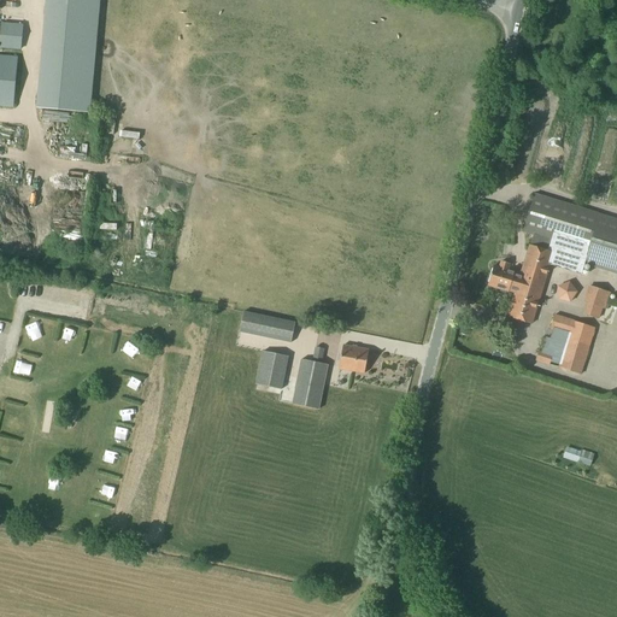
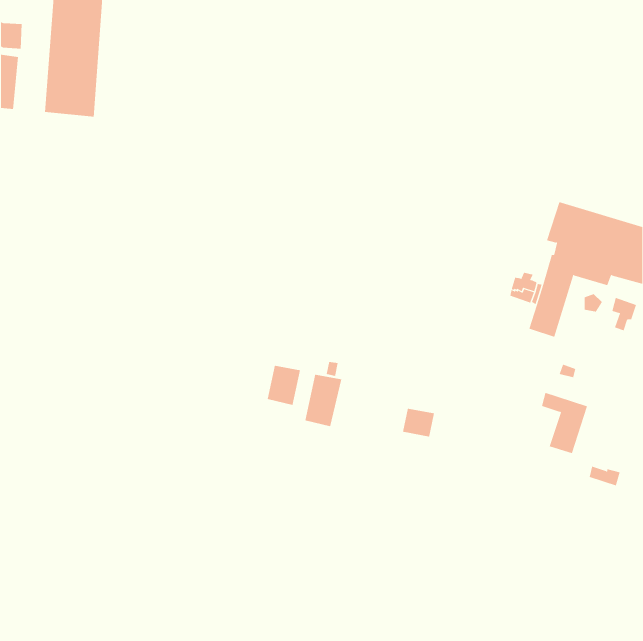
building: [239,310,295,341] -> none
building: [551,313,595,372] -> [541,392,588,454]
building: [337,343,369,371] -> [402,408,435,437]

